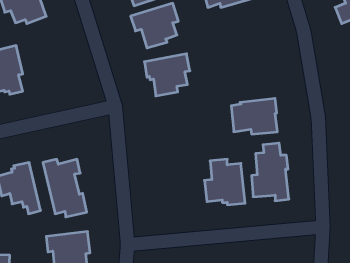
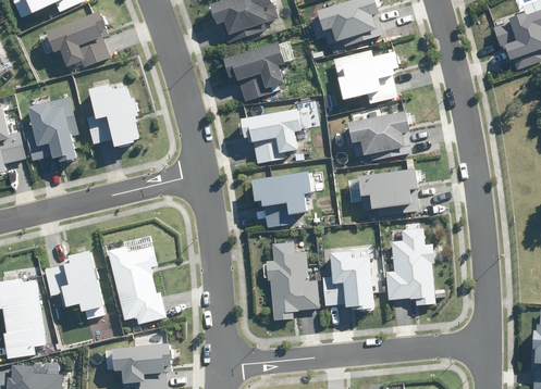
building: none -> [335,49,402,102]
building: none -> [88,83,142,146]
building: none -> [351,110,414,159]
building: none -> [255,170,313,227]
building: none -> [267,240,321,319]

